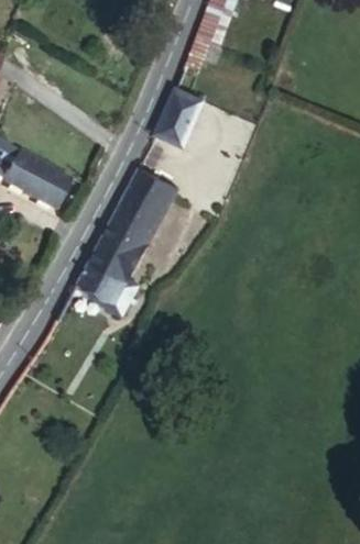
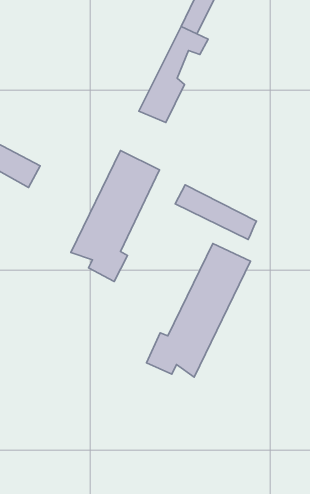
building: none -> [175,185,257,239]
building: none -> [147,243,251,377]

